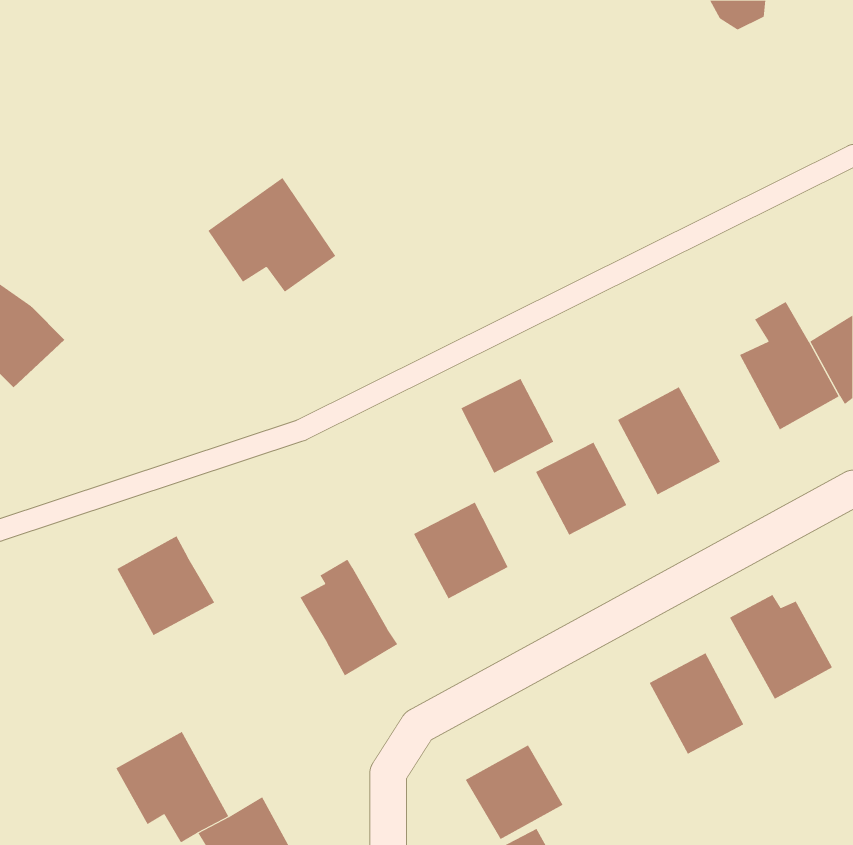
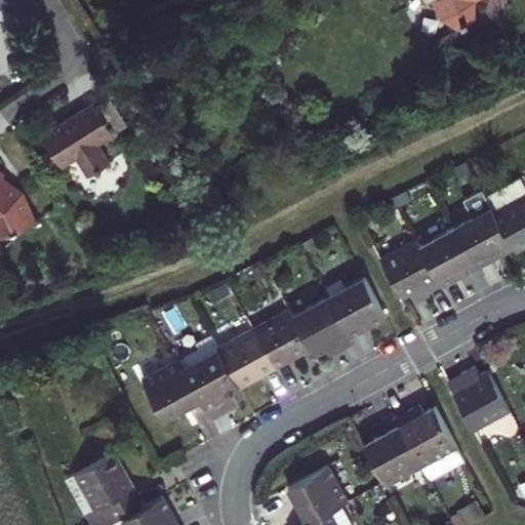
building: [208,177,336,293] -> [43,104,122,174]
building: none -> [416,224,478,289]
building: [461,378,554,474] -> [291,295,349,354]
building: none -> [216,333,275,392]
building: [117,535,215,636] -> [139,359,200,420]
building: none -> [360,425,421,488]

